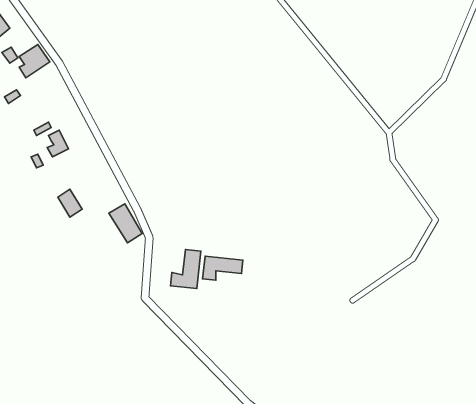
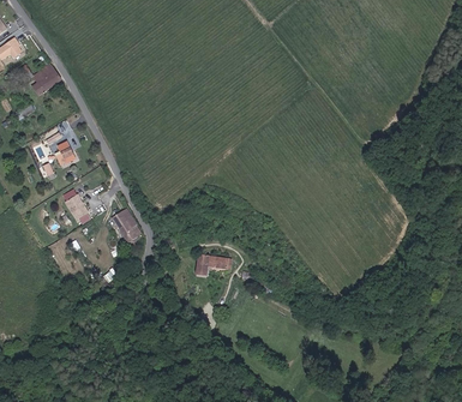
building: [170,250,201,289] -> none

